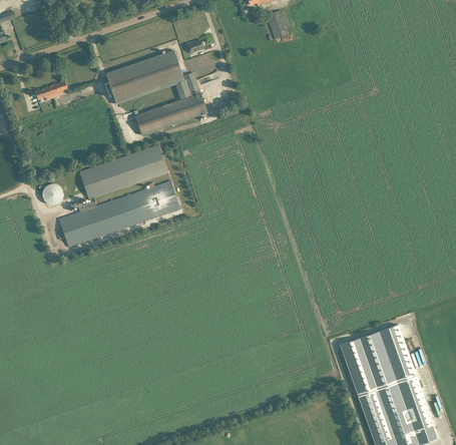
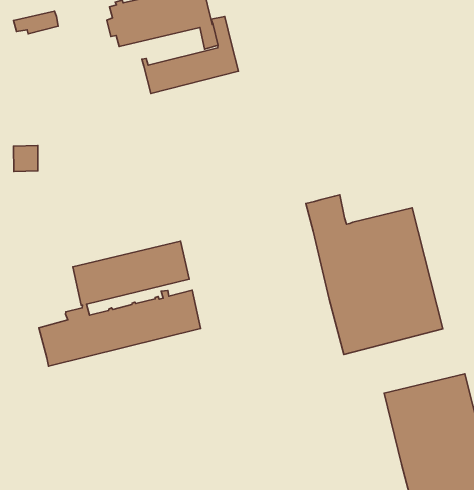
building: [58,144,179,248] -> [39,241,200,366]
building: none -> [306,195,443,355]

